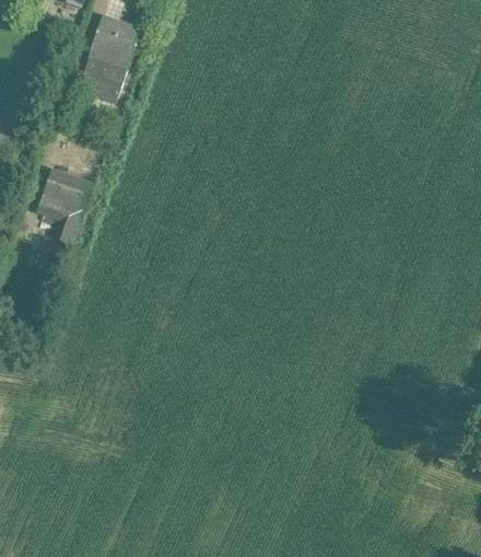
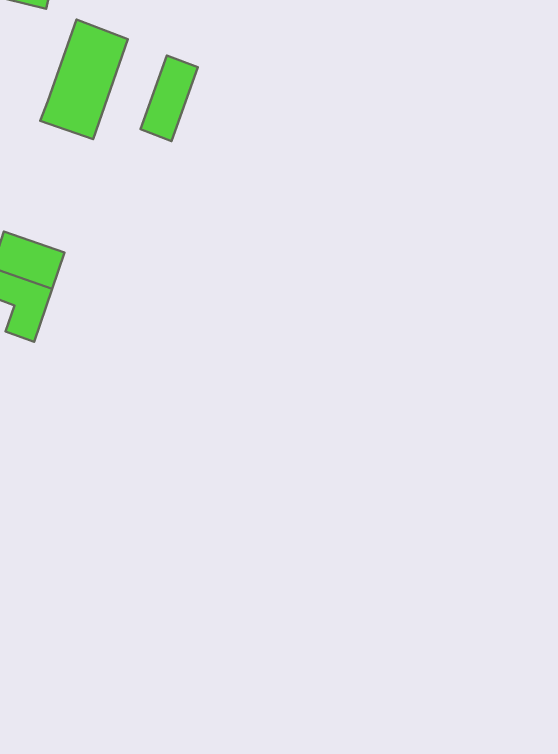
building: none -> [140,55,198,141]

